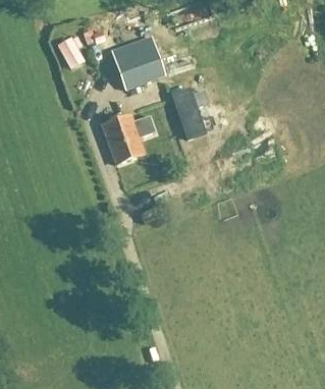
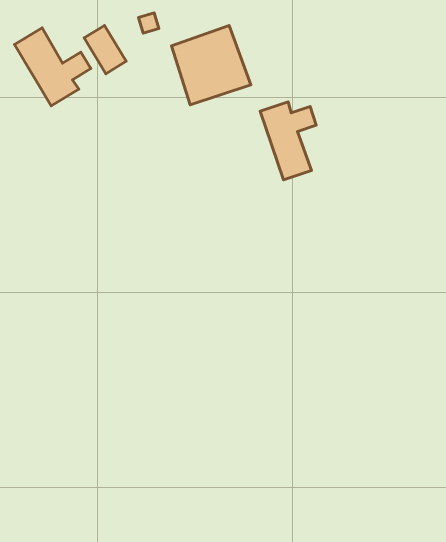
building: none -> [15,28,91,106]
building: [102,114,155,164] -> none

